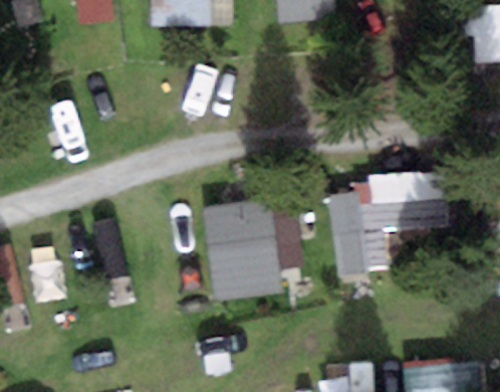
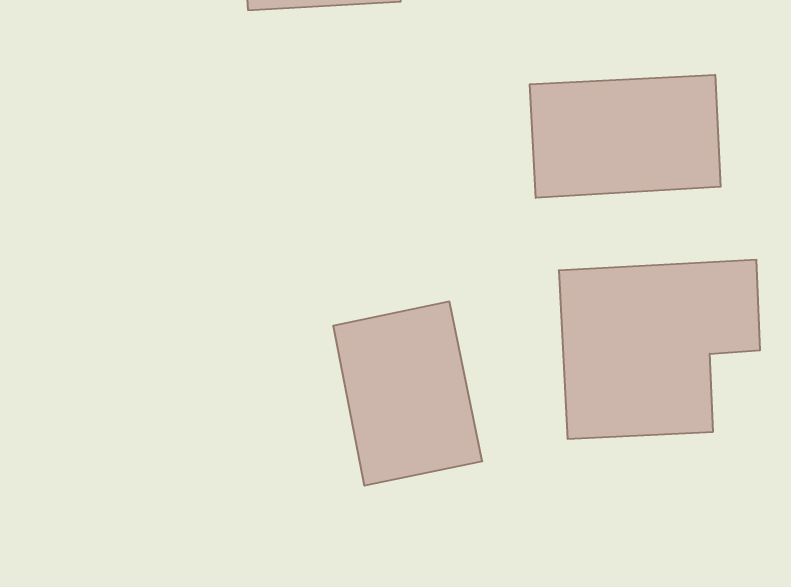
building: none -> [530,75,721,198]

